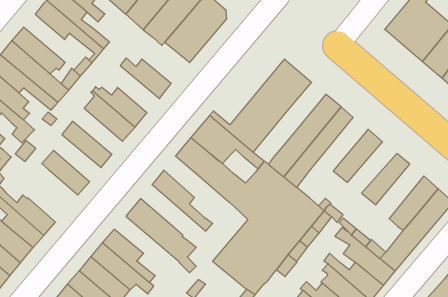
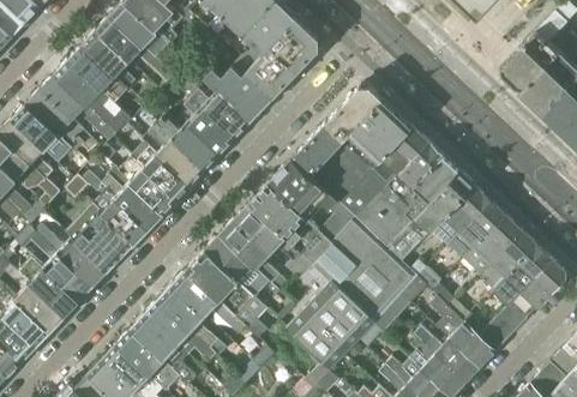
building: none -> [83,30,136,88]
building: none -> [204,65,272,119]
building: none -> [296,86,381,170]
building: none -> [184,95,235,151]
building: none -> [339,127,427,218]
building: none -> [132,139,190,197]
building: none -> [387,170,474,260]
building: none -> [103,167,163,227]
building: none -> [446,200,505,258]
building: none -> [235,203,314,281]
building: none -> [65,201,134,271]
building: none -> [477,228,535,289]
building: none -> [206,234,280,299]
building: none -> [174,269,247,333]

